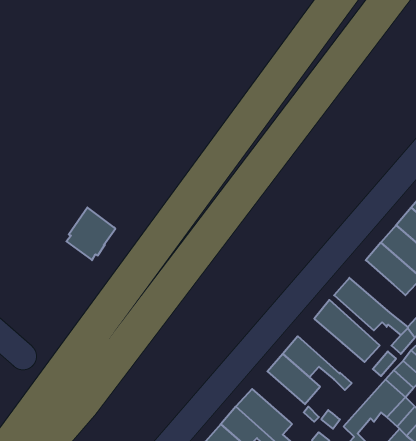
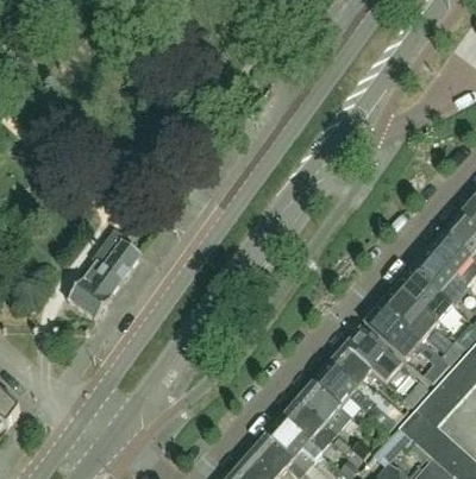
building: none -> [69,266,119,320]
building: none -> [381,285,438,339]
building: none -> [328,345,405,421]
building: none -> [282,398,336,449]

